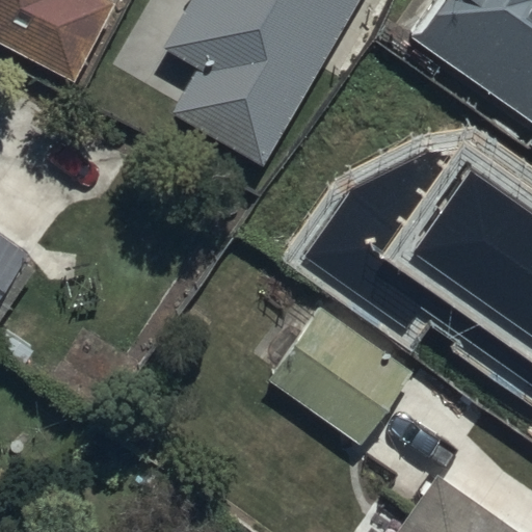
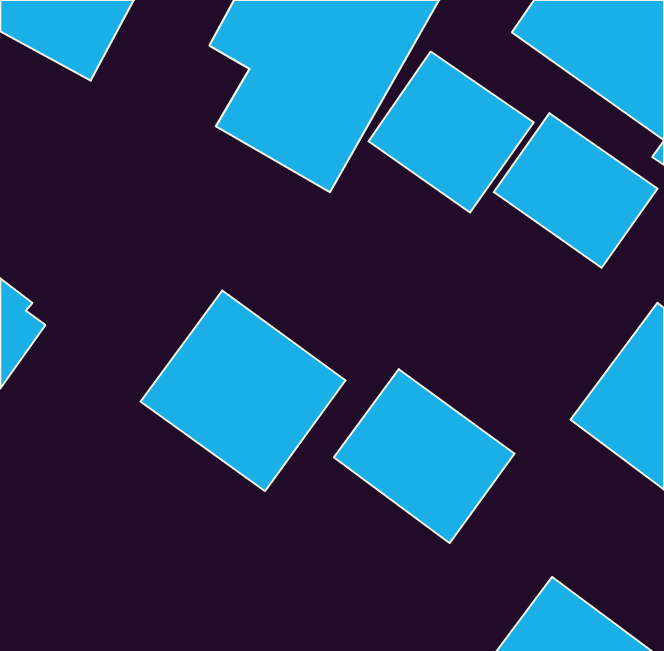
building: none -> [368,52,534,213]
building: none -> [140,290,346,491]

